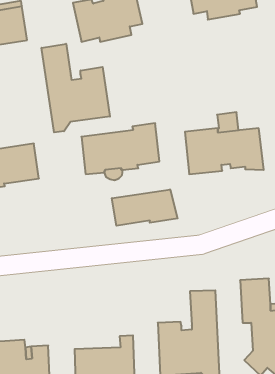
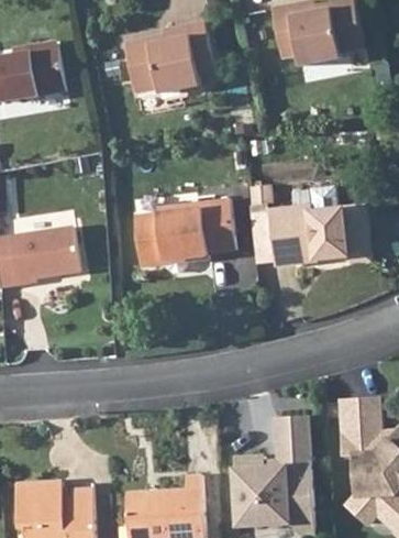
building: [42,44,110,132] -> none
building: [112,189,178,226] -> none

